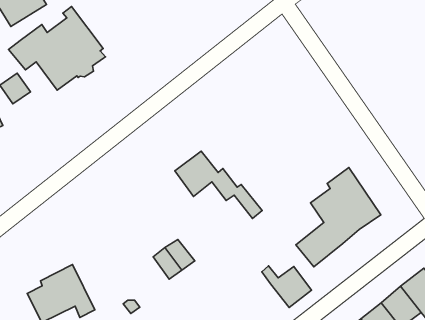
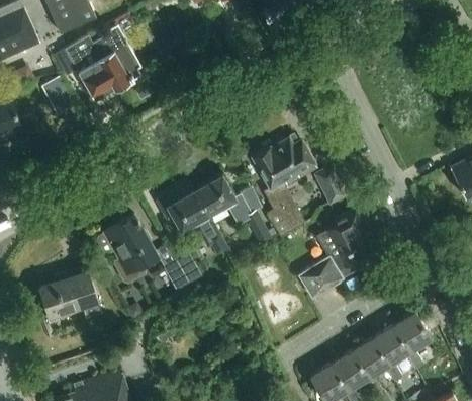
building: none -> [251,138,315,235]
building: none -> [314,165,347,203]
building: none -> [162,189,227,254]
building: none -> [97,214,157,285]
building: [262,266,311,308] -> none

